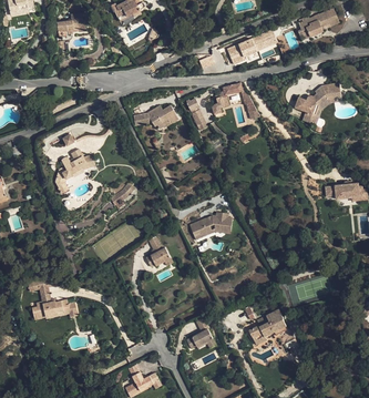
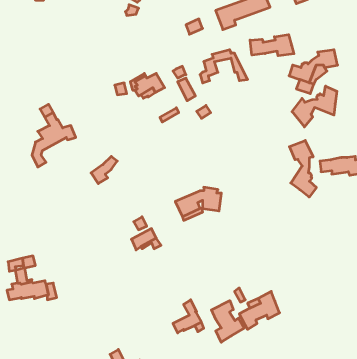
building: none -> [250,35,294,56]
building: none -> [292,86,337,127]
building: none -> [289,140,316,197]
building: none -> [211,301,244,342]

